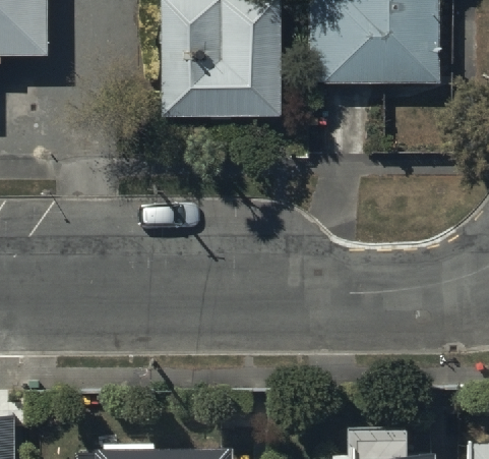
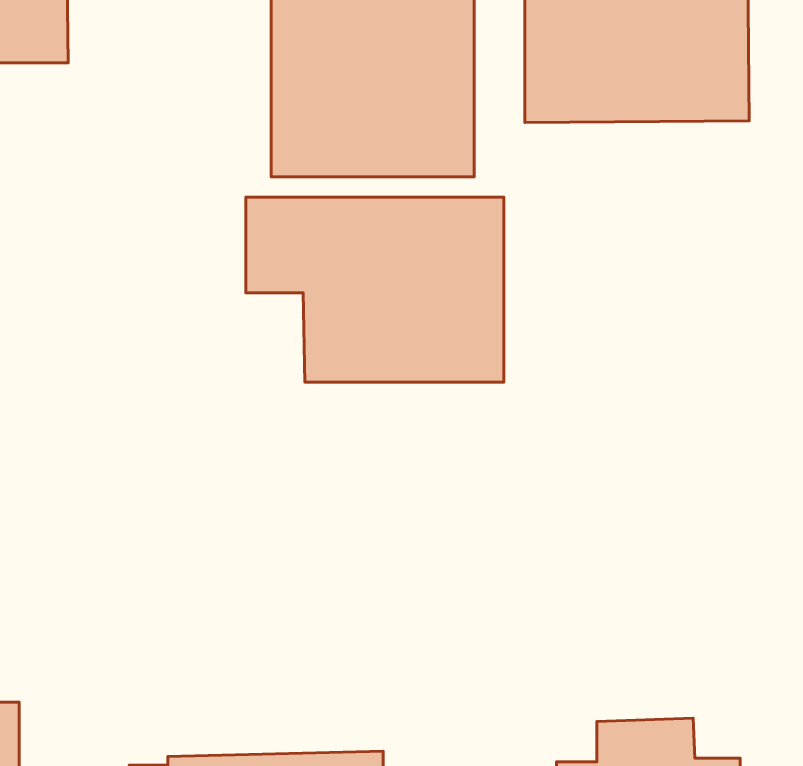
building: none -> [246,197,504,382]

